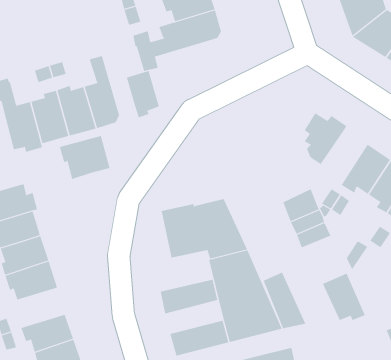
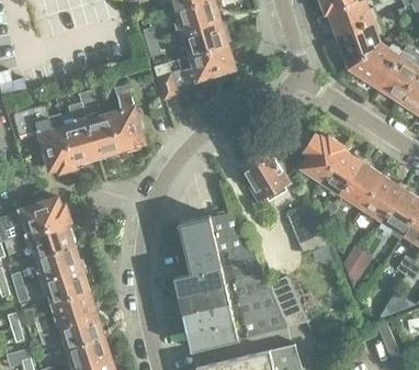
building: [126,70,160,118] -> none
building: none -> [241,149,287,201]
building: none -> [320,152,361,200]
building: [59,135,110,180] -> none
building: none -> [173,258,225,294]
building: [322,273,366,321] -> none
building: none -> [52,291,94,326]
building: none -> [182,302,234,332]

